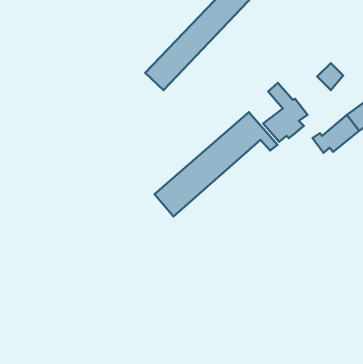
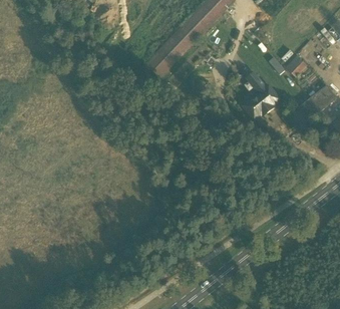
building: [154,112,277,216] -> none

